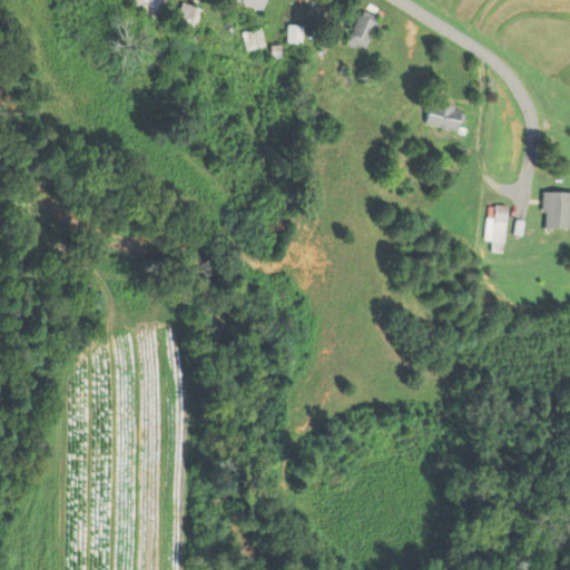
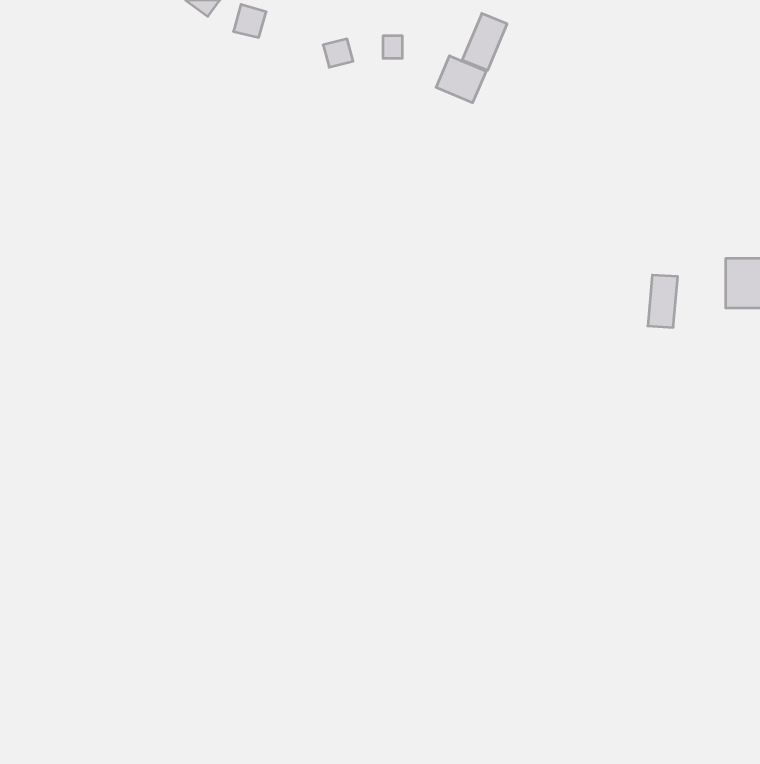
building: none -> [436,56,486,103]
building: [426,99,465,134] -> none

